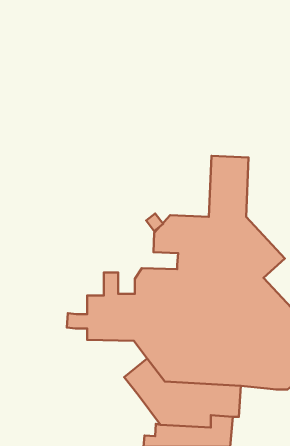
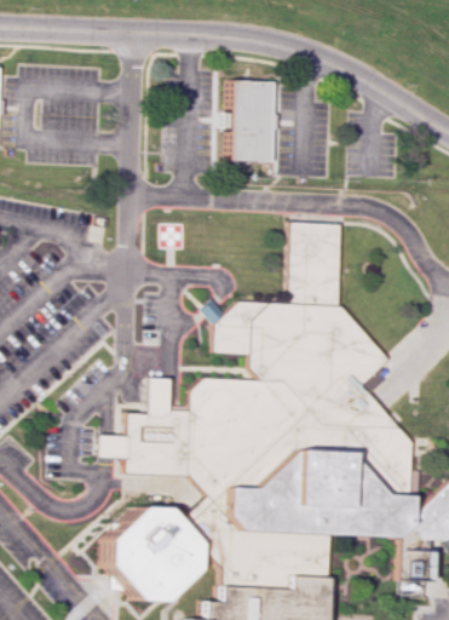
building: none -> [231,78,276,162]
building: none -> [94,507,194,604]

